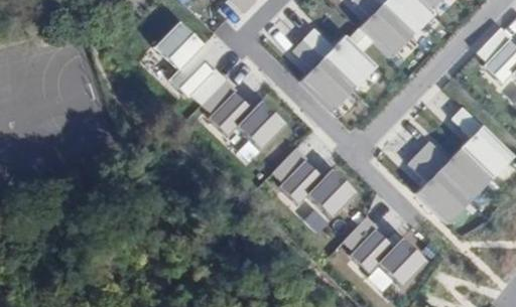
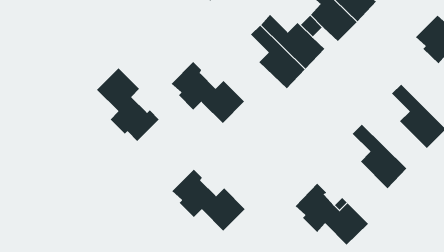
building: [154,21,226,105] -> [96,68,160,142]
building: [416,139,490,200] -> none
building: [270,149,354,219] -> [172,169,246,231]

